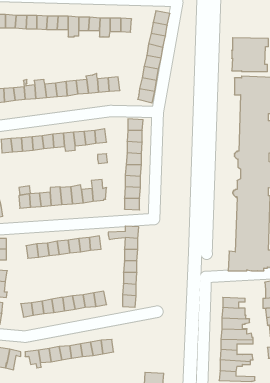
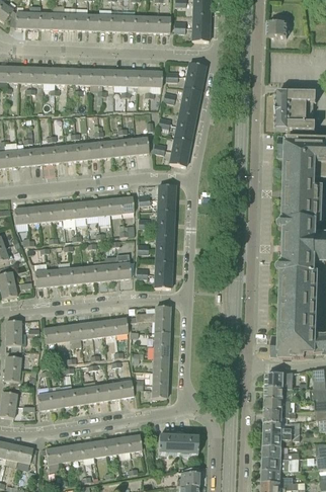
building: none -> [265,372,298,388]
building: none -> [158,432,197,455]

